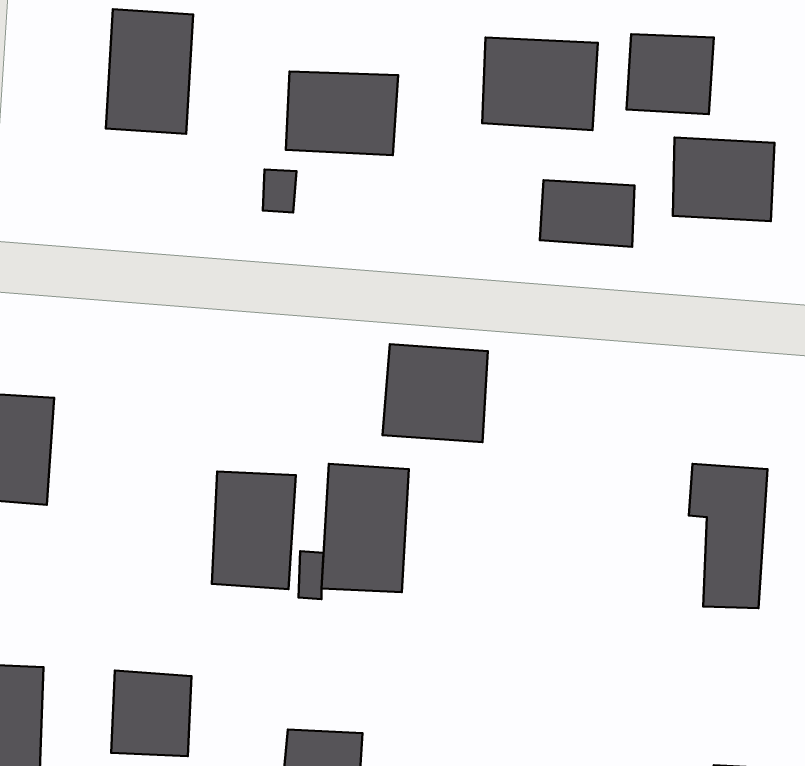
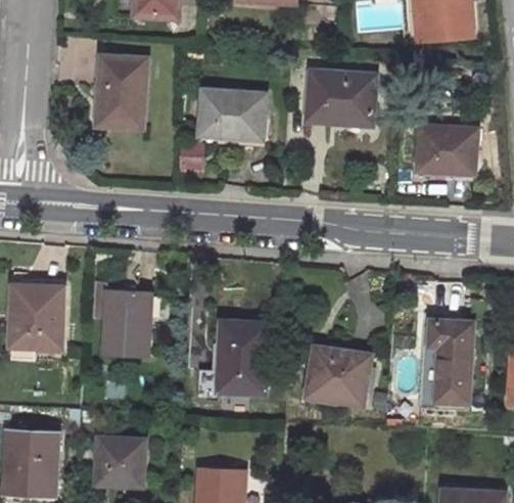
building: [627,34,714,114] -> none
building: [540,180,635,247] -> none
building: [383,344,488,442] -> [305,345,365,401]
building: [212,472,296,589] -> [103,285,151,353]

